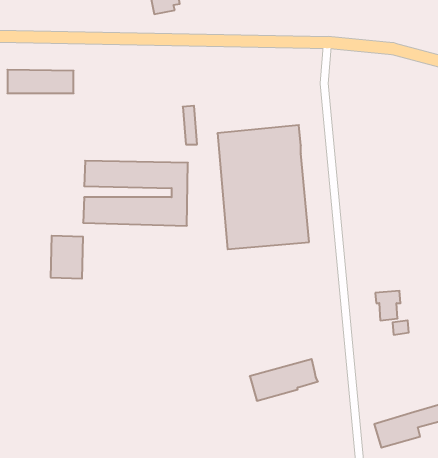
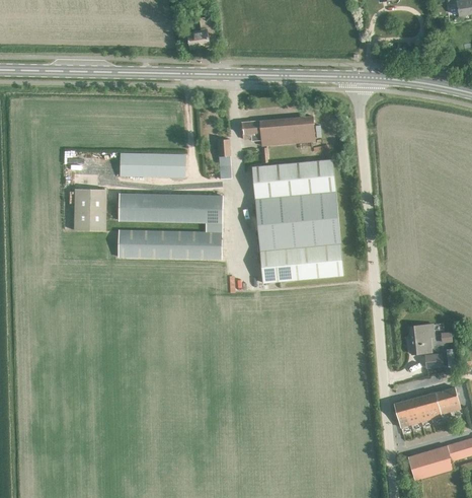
building: [7,70,74,93] -> [120,153,185,176]
building: none -> [241,115,314,146]
building: [51,236,83,279] -> [73,188,105,230]
building: [250,359,318,401] -> [393,385,461,427]

